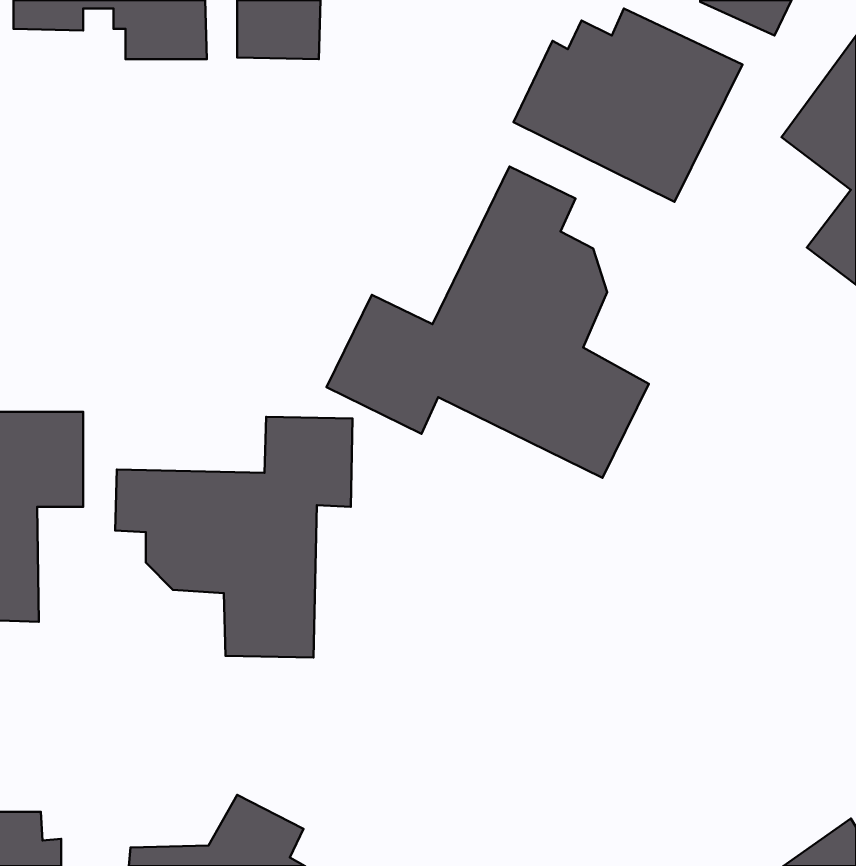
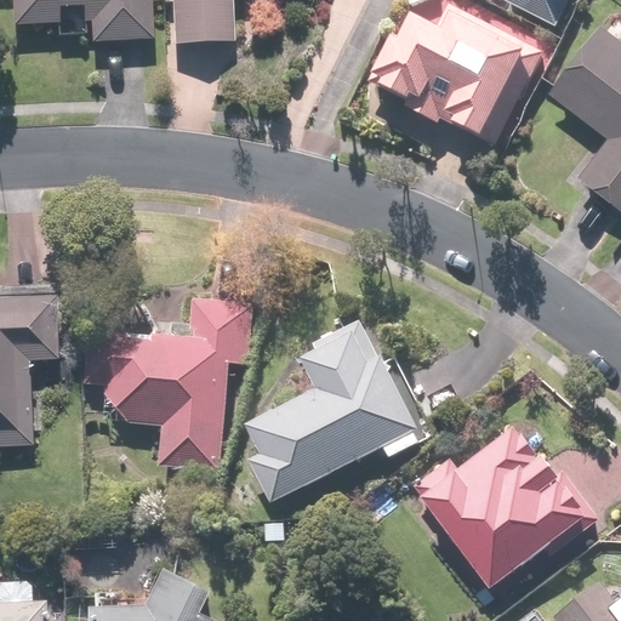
building: [327,167,649,478] -> none
building: none -> [245,321,429,502]
building: none -> [418,425,599,586]

